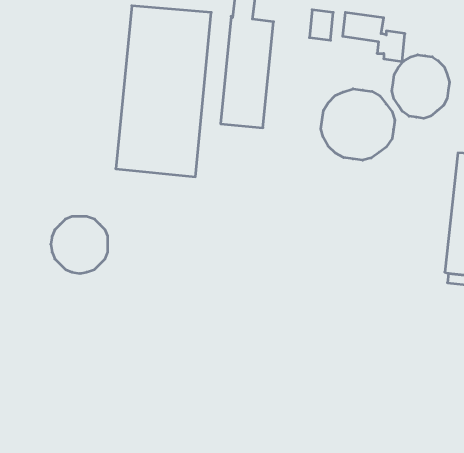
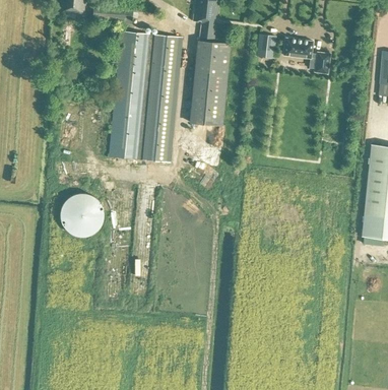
building: [392,55,449,118] -> none
building: [321,89,395,160] -> none

